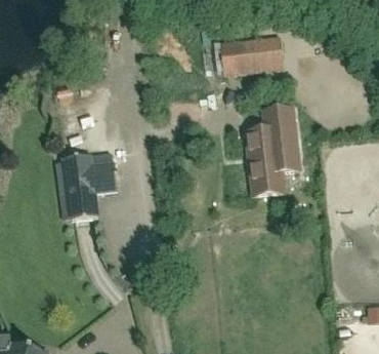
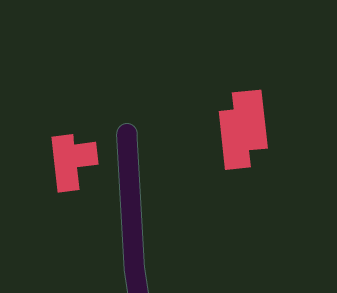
building: [220,36,283,74] -> none

